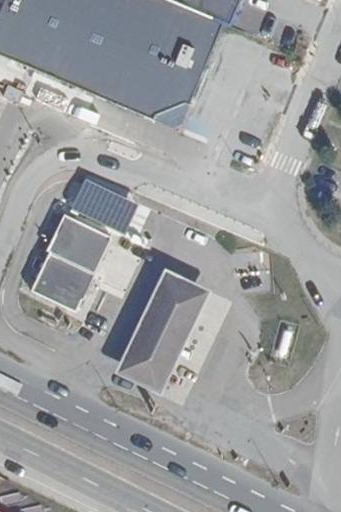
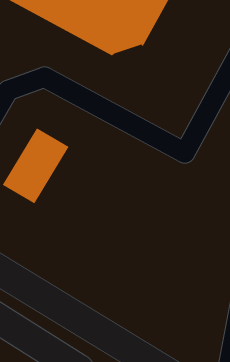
building: [71,178,137,233] -> none
building: [116,269,210,394] -> none

